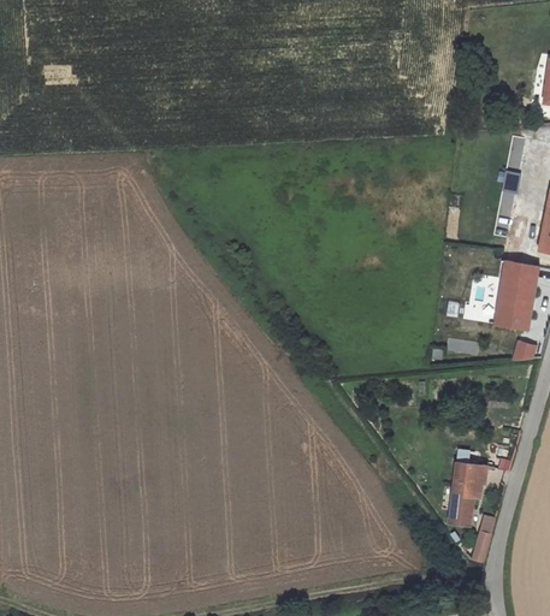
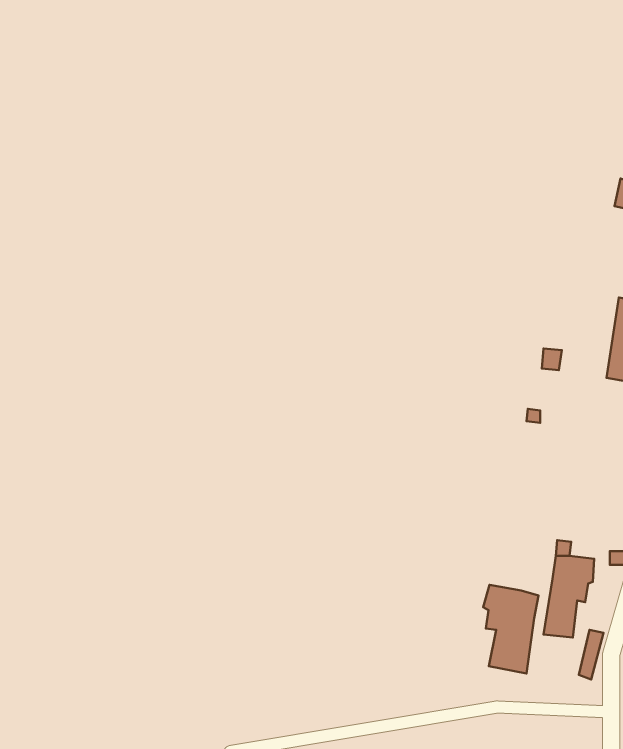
building: none -> [483,585,539,673]

